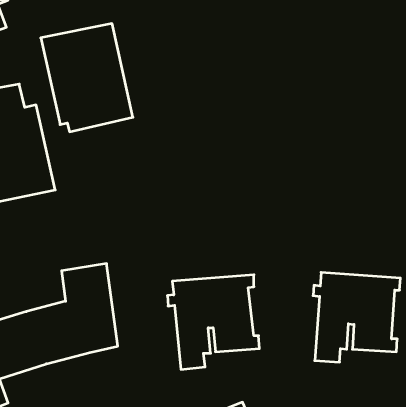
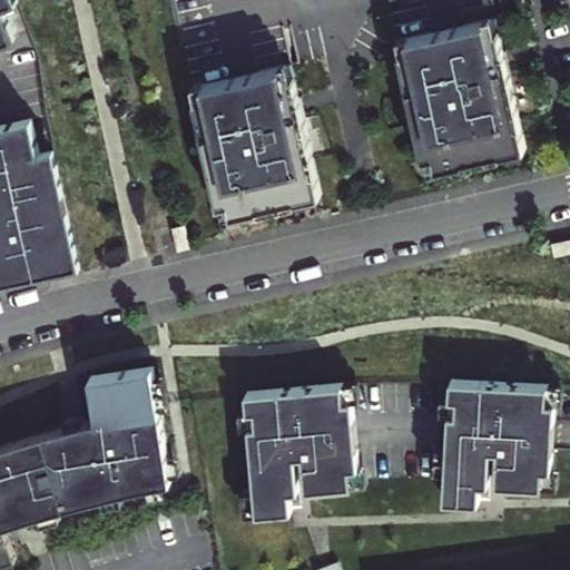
building: none -> [391,22,520,174]
building: [41,24,133,132] -> [185,70,313,220]

